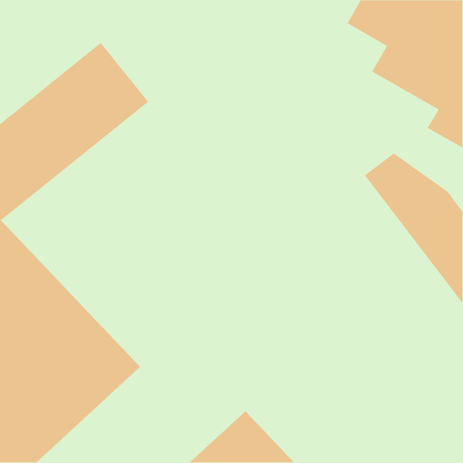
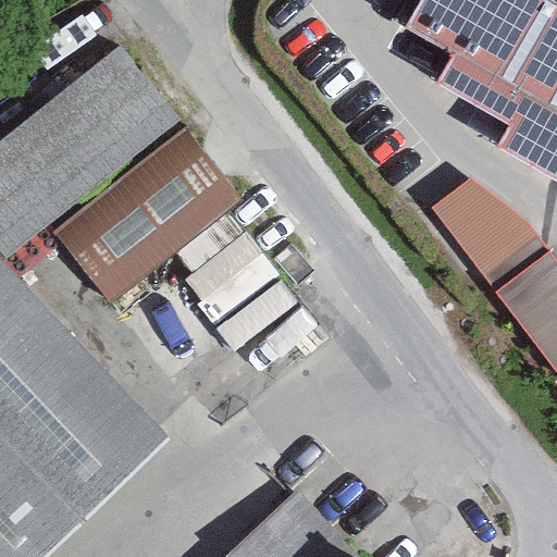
building: none -> [52,133,237,306]
building: none -> [186,219,301,337]

